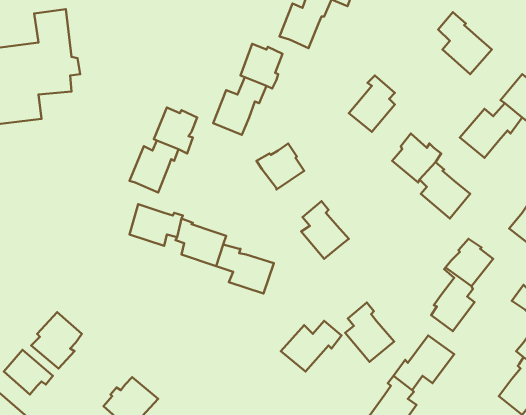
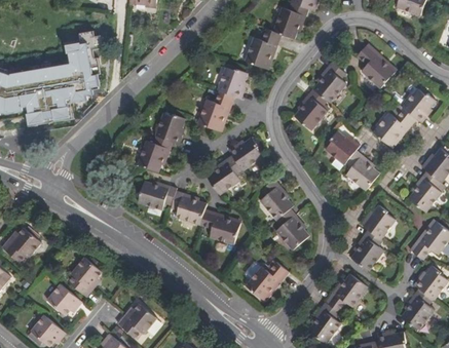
building: none -> [311,62,346,103]
building: none -> [205,155,241,194]
building: [345,303,394,362] -> [273,207,308,249]

